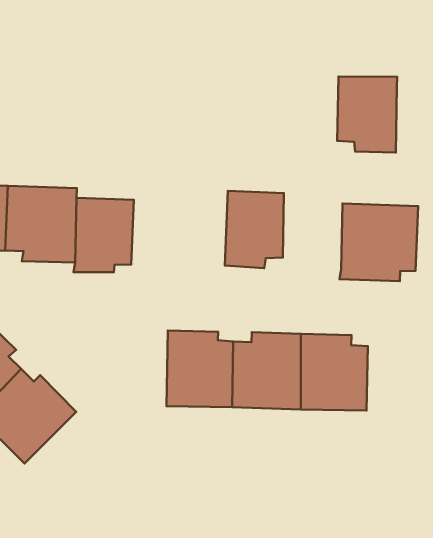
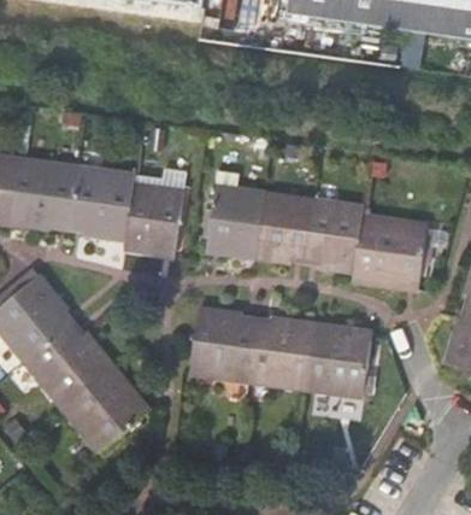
building: [337,76,397,153] -> [308,201,366,273]
building: none -> [210,172,267,258]
building: none -> [66,370,146,456]

